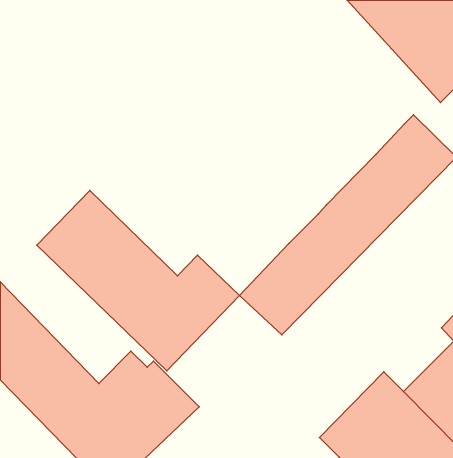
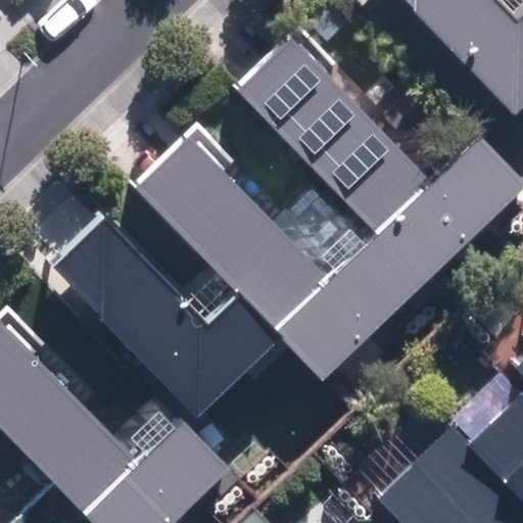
building: none -> [230,21,467,234]
building: none -> [130,120,369,337]

